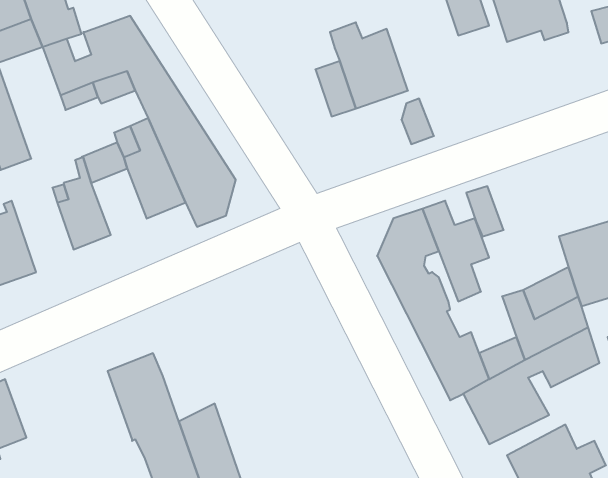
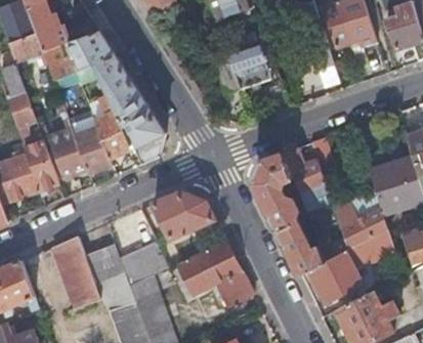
building: none -> [74,127,112,175]
building: none -> [24,138,58,192]
building: none -> [151,191,214,239]
building: none -> [51,235,99,307]
building: none -> [176,240,252,306]
building: none -> [119,242,168,287]

